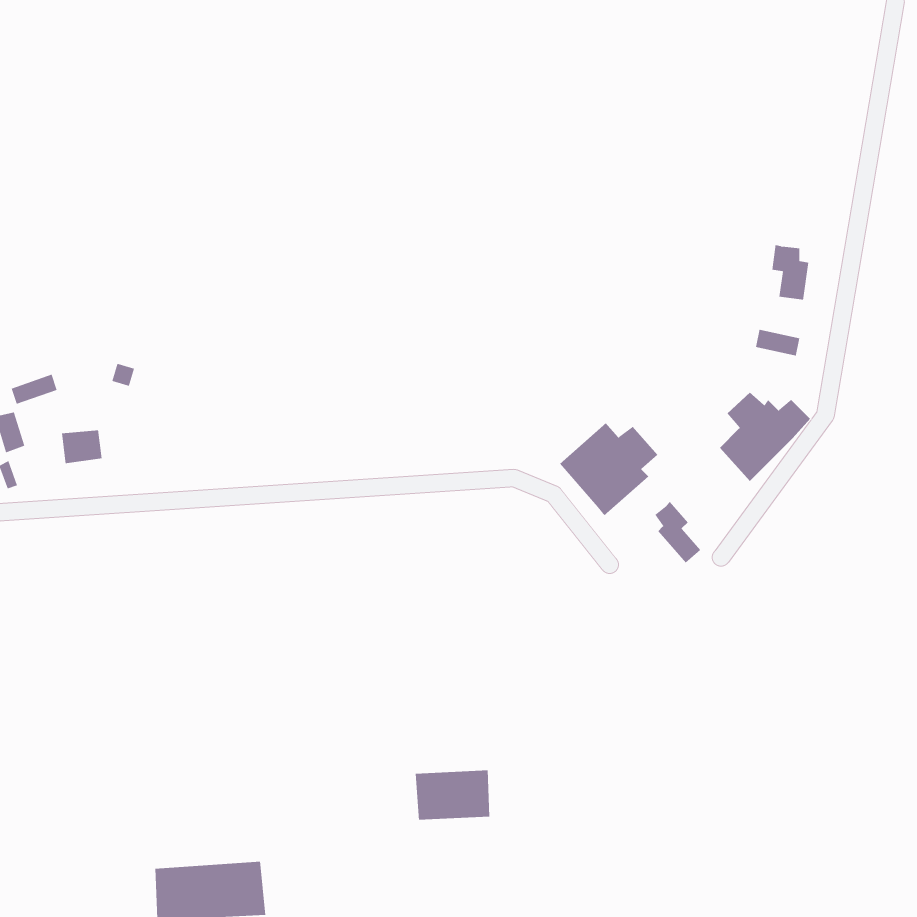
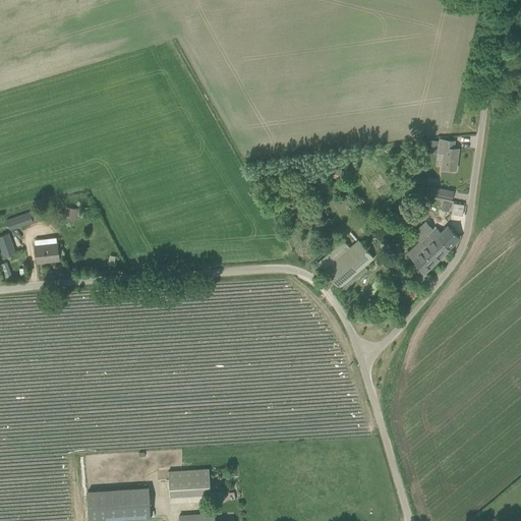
building: [654,501,701,563] -> none
building: [415,770,490,820] -> [169,468,212,497]

